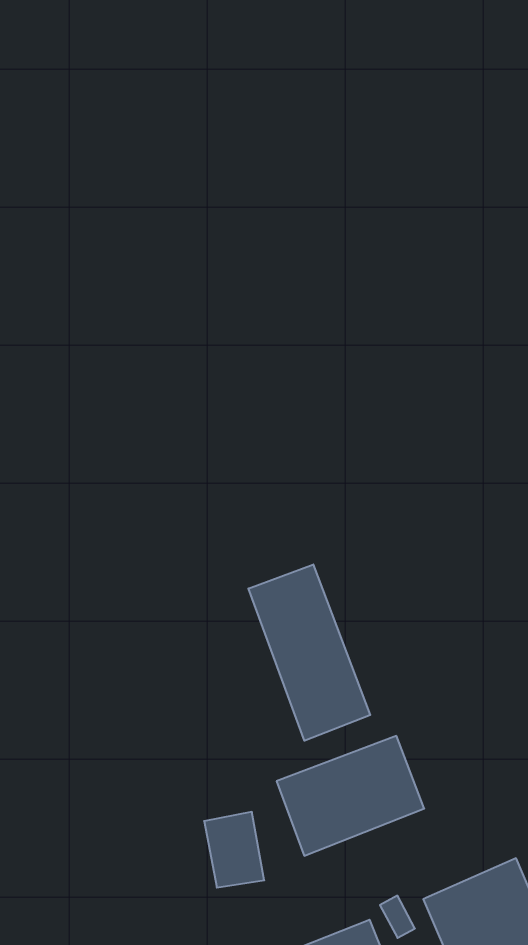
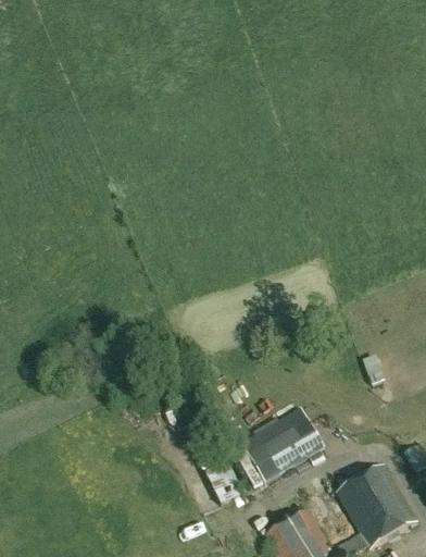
building: [248,564,370,741] -> none

